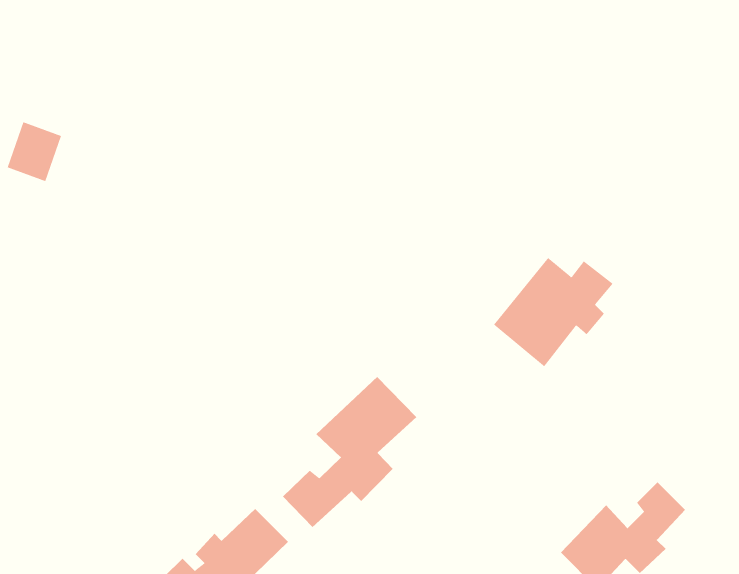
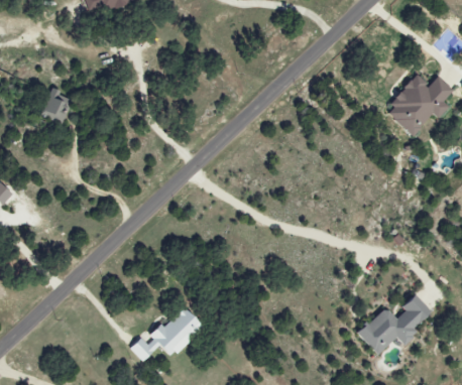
building: [493,257,614,367] -> [385,74,454,136]
building: [282,376,417,528] -> none

